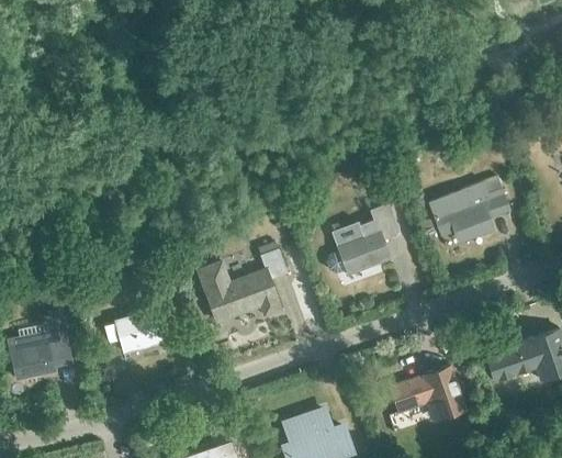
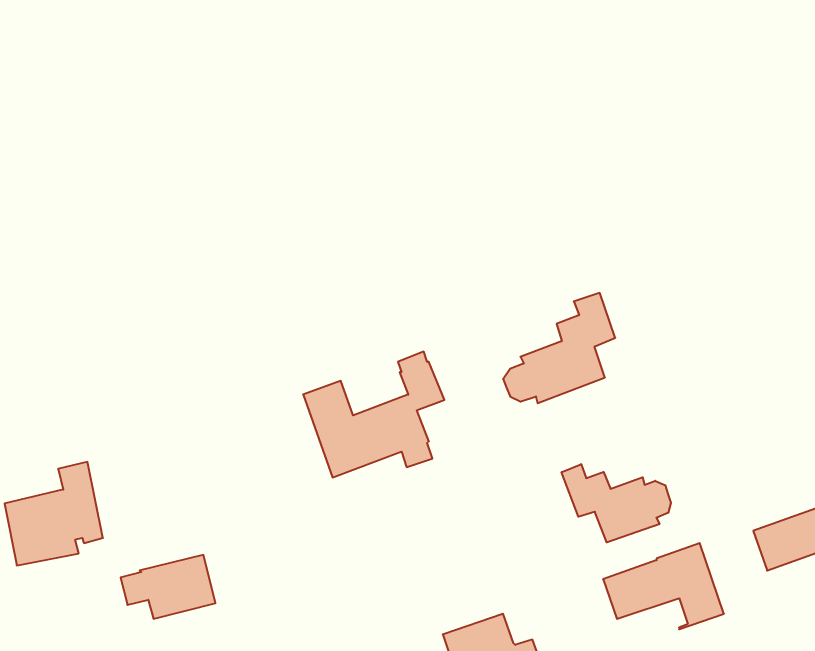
building: [429,178,508,239] -> none
building: [103,313,164,354] -> [121,555,215,619]
building: none -> [562,464,671,542]

